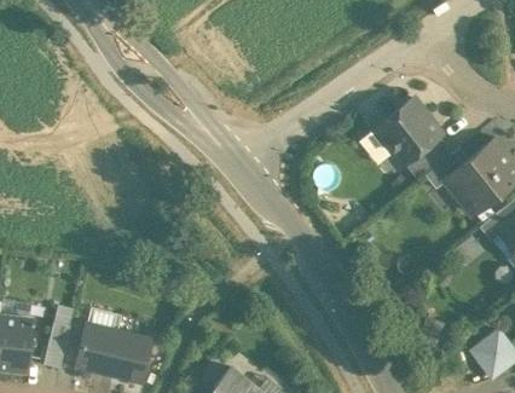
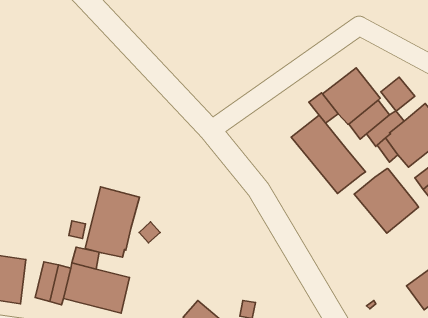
building: none -> [381,77,415,111]
building: none -> [291,115,366,194]
building: none -> [354,168,418,233]
building: none -> [85,187,140,257]

